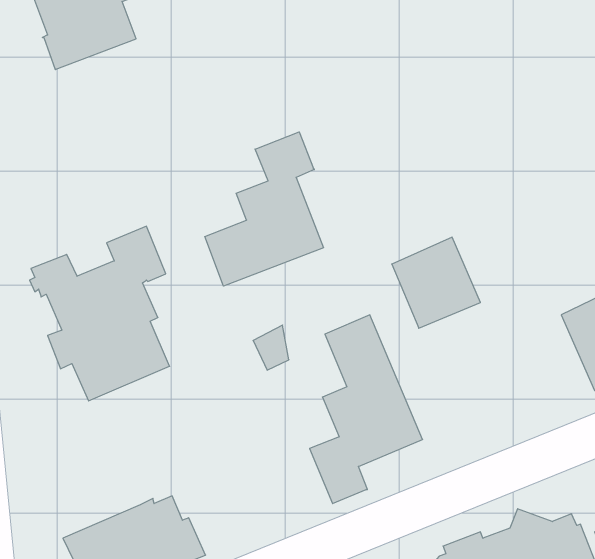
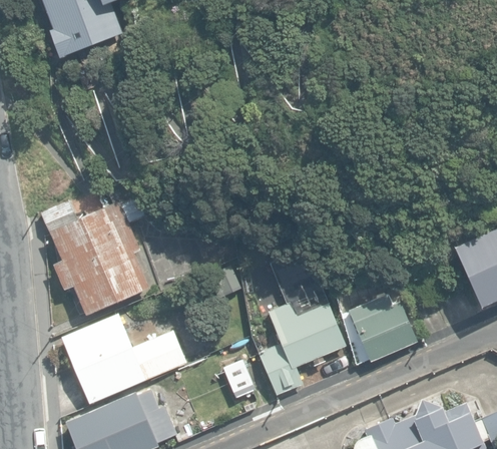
building: [205,132,323,286] -> none
building: [392,237,480,328] -> [349,291,418,362]
building: none -> [61,315,185,404]

